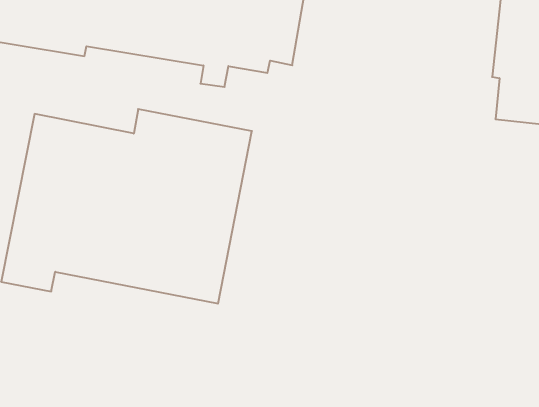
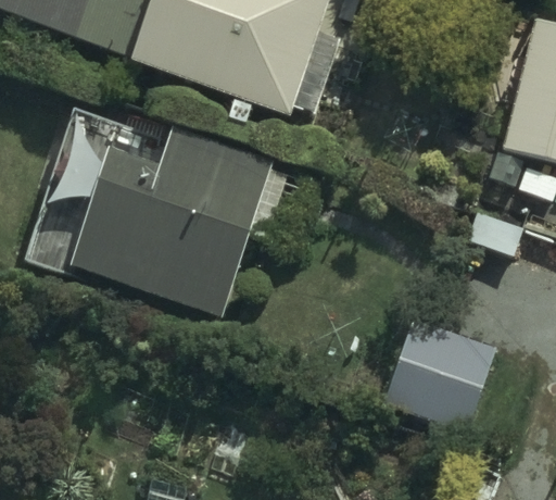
building: none -> [386,315,500,428]

